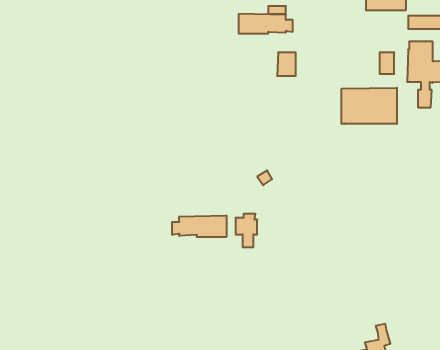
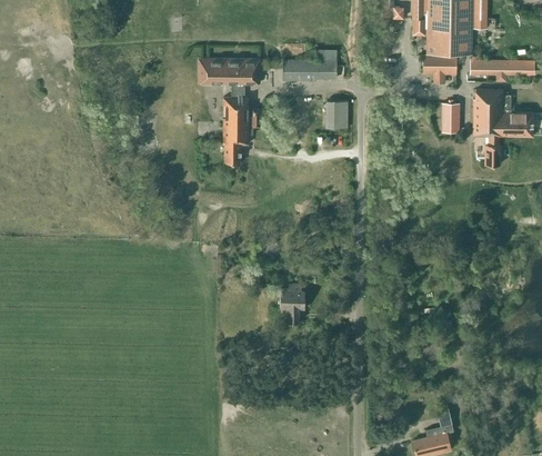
building: none -> [423,56,458,76]
building: none -> [198,59,260,162]
building: [342,88,397,124] -> none
building: [172,215,226,237] -> none

